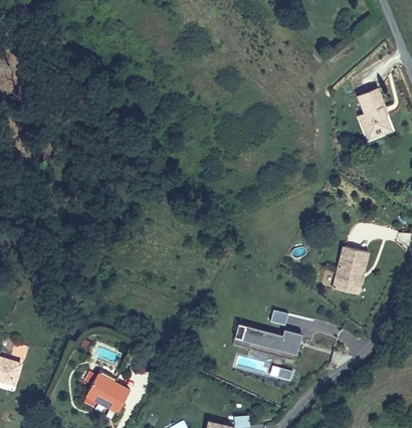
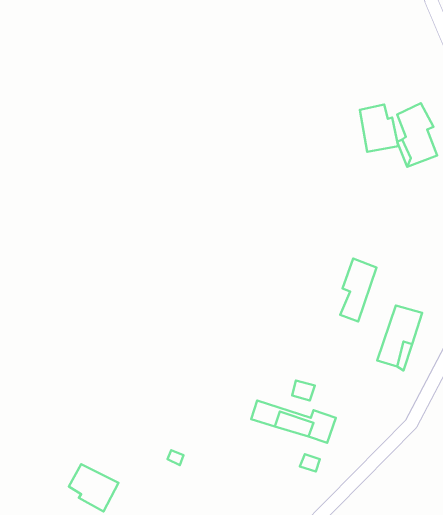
building: none -> [360,104,398,152]
building: none -> [340,258,376,321]

